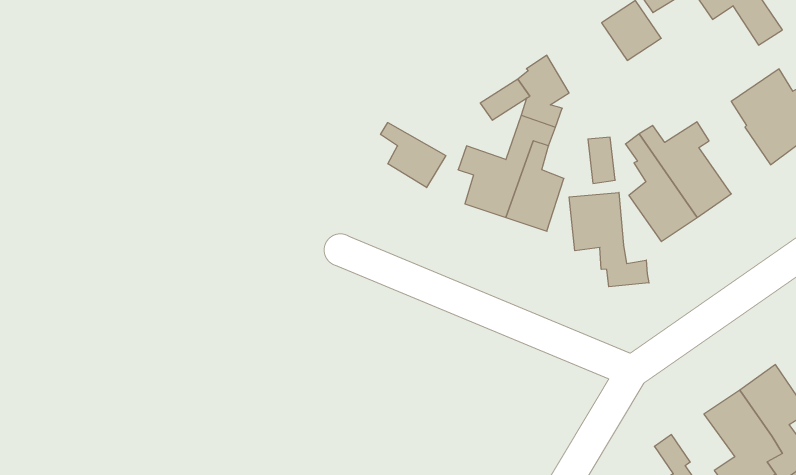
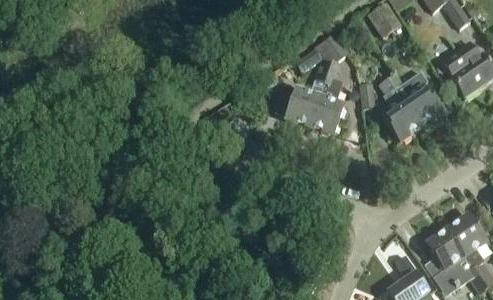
building: [381,123,446,188] -> none
building: [569,192,649,287] -> none

